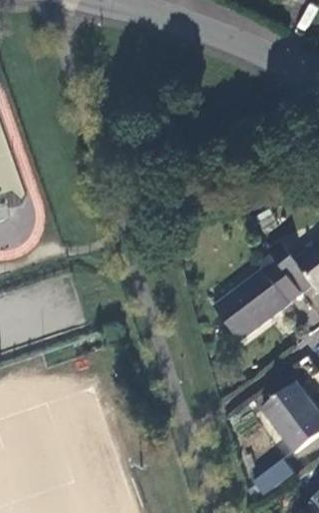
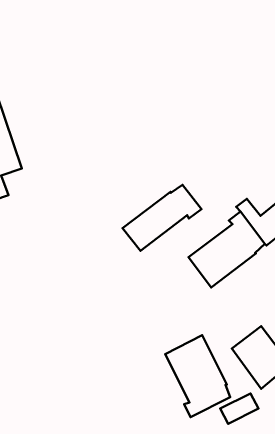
building: none -> [122,185,201,251]
building: none -> [165,335,230,417]

